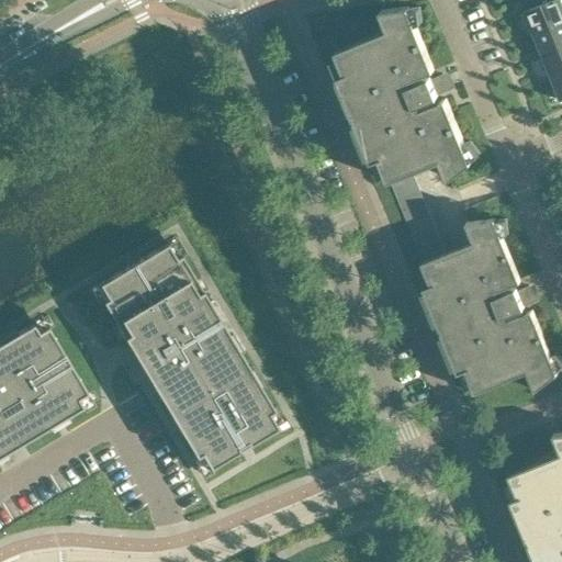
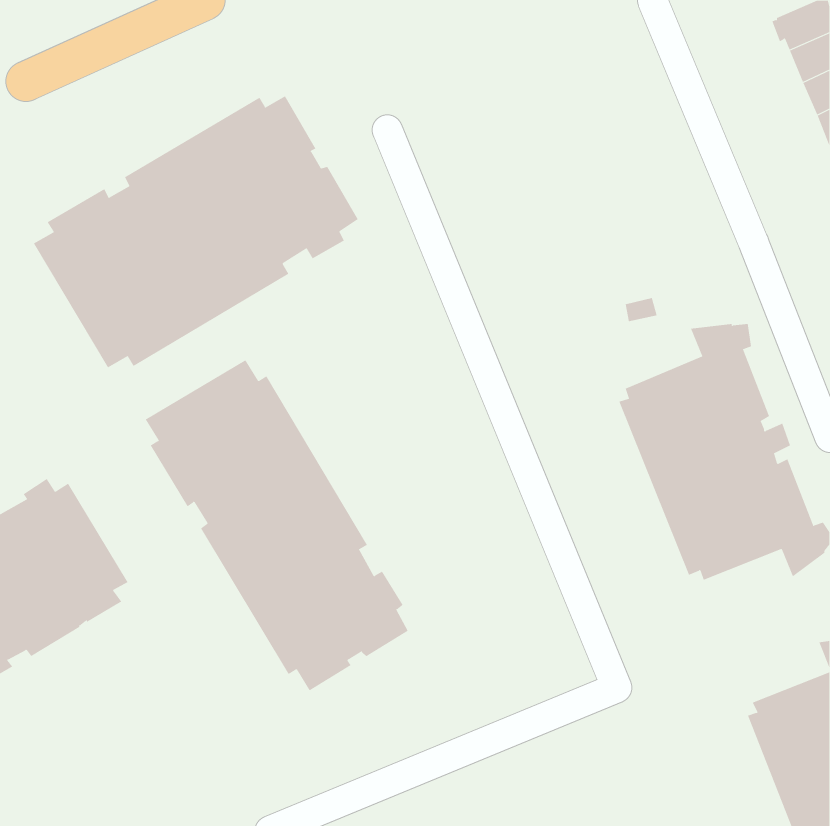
building: [330,10,479,184] -> none
building: none -> [33,96,358,368]

